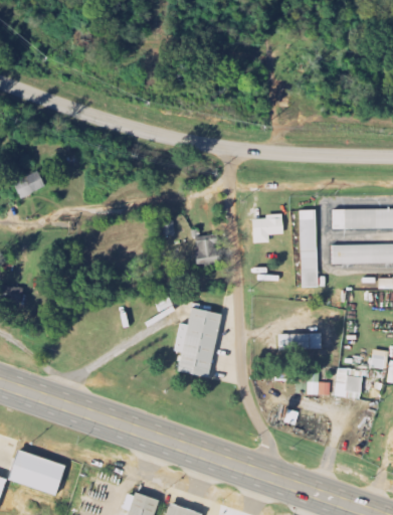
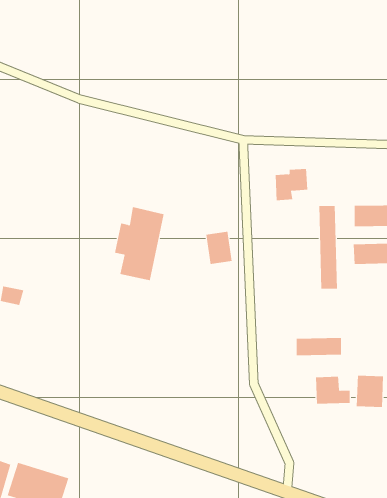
building: [13,170,46,198] -> none
building: [252,213,283,243] -> [275,168,308,201]
building: [171,308,218,377] -> [114,207,165,281]

